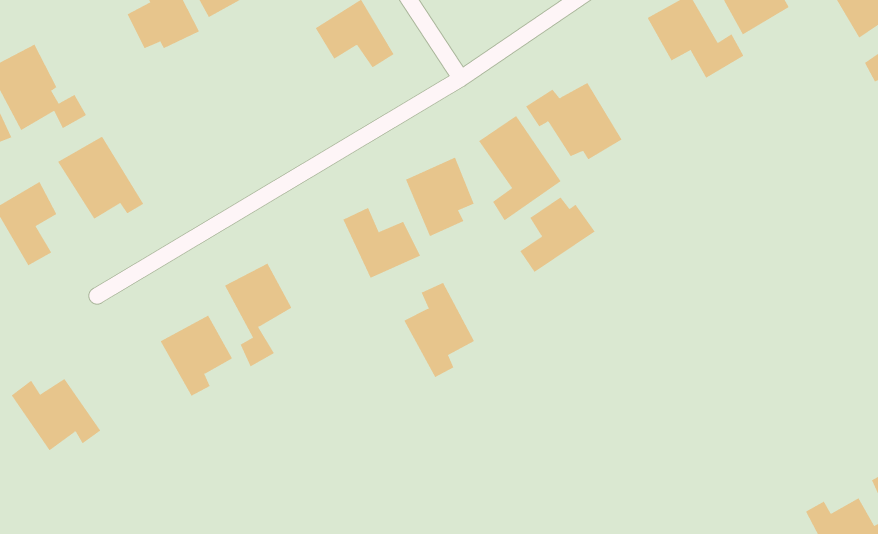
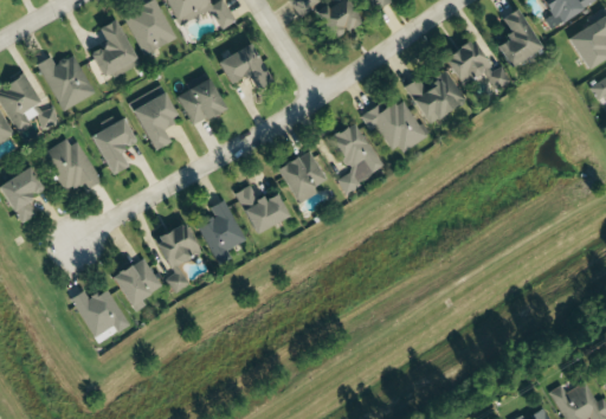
building: none -> [38,54,96,111]
building: none -> [406,72,466,124]
building: none -> [179,73,226,125]
building: none -> [129,86,180,150]
building: none -> [91,115,136,176]
building: [520,196,596,273] -> none
building: [404,282,475,378] -> [199,200,247,265]
building: [11,378,101,451] -> [70,289,131,339]

